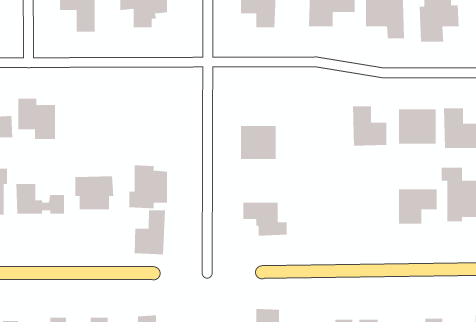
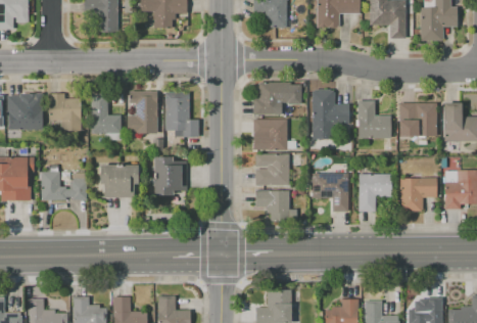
building: none -> [253,82,291,114]
building: none -> [313,89,350,139]
building: none -> [127,90,157,133]
building: none -> [164,92,198,137]
building: none -> [90,94,121,134]
building: none -> [255,154,290,186]
building: none -> [313,173,349,212]
building: none -> [357,174,392,212]
building: [134,210,165,255] -> none

